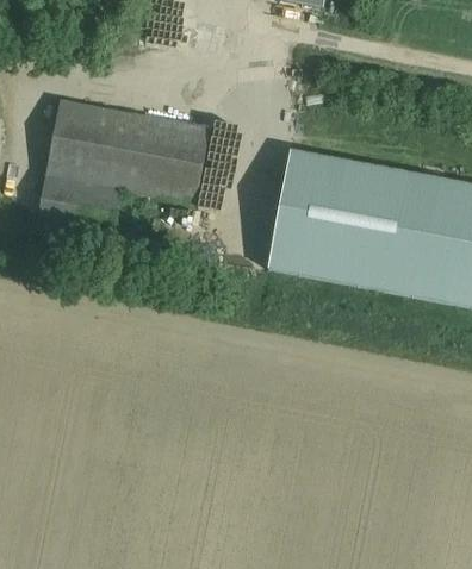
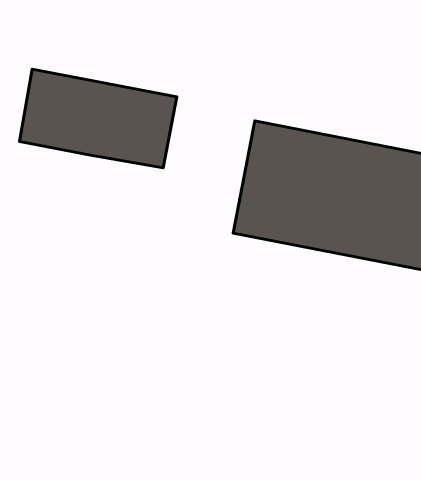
building: [37,173,120,235] -> none

